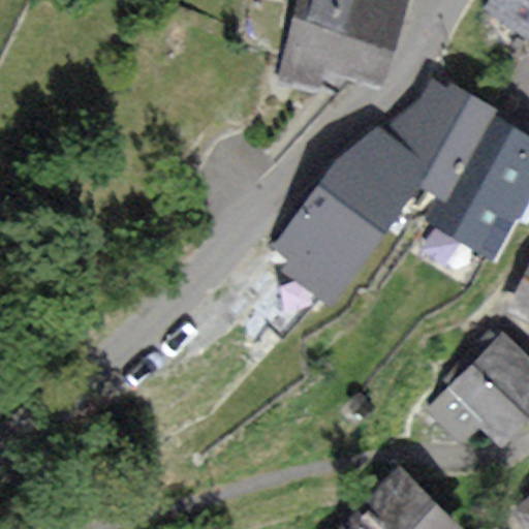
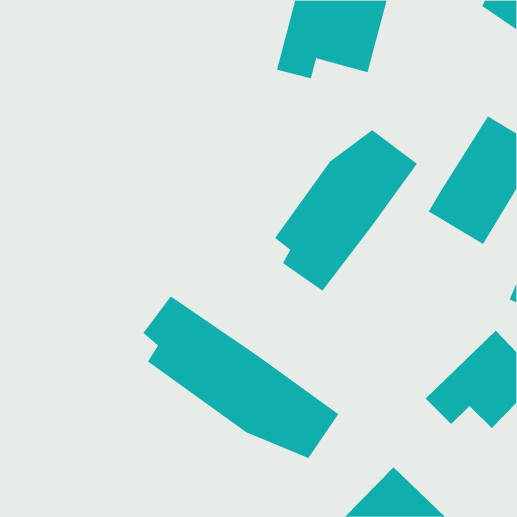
building: [403,88,492,194] -> none
building: none -> [143,295,339,459]

